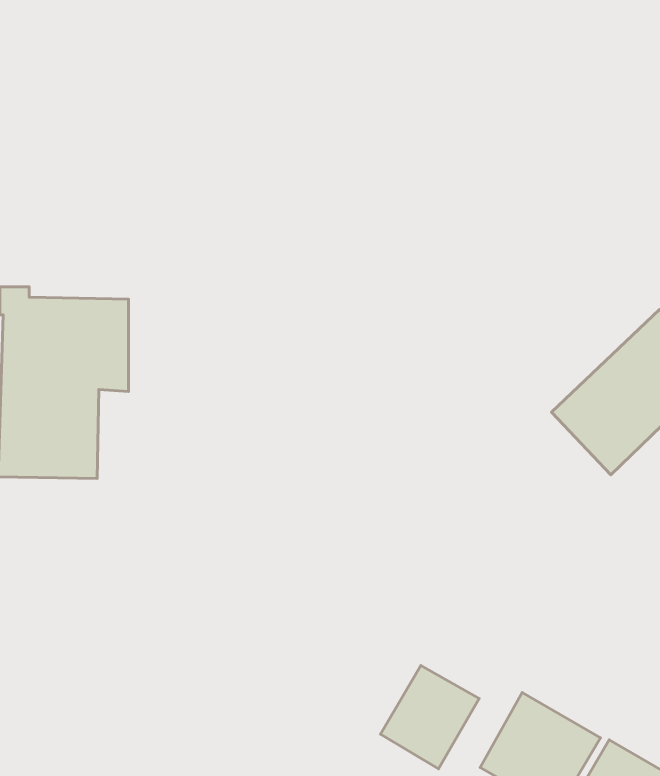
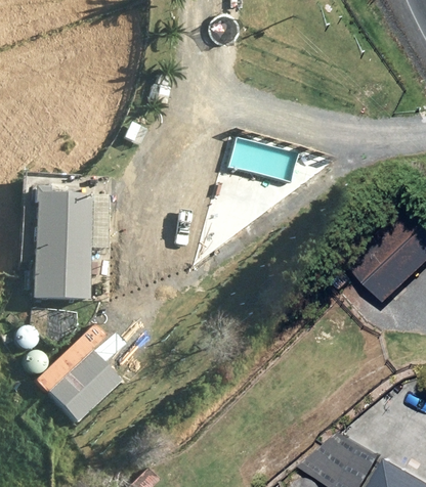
building: none -> [42,353,115,425]
building: [381,666,479,769] -> none

